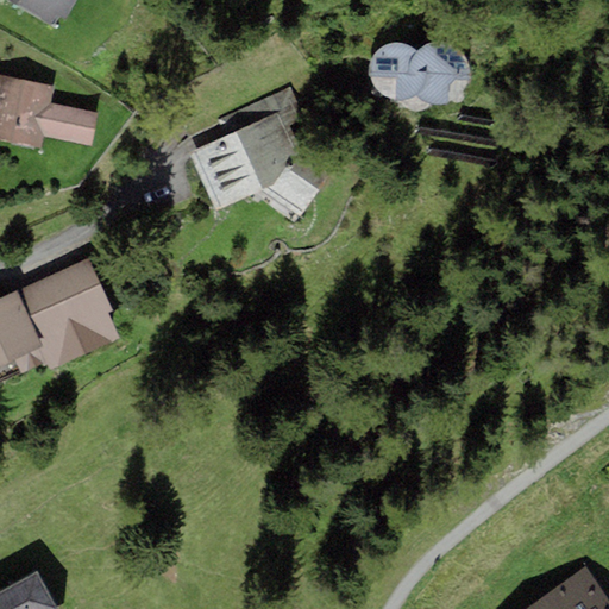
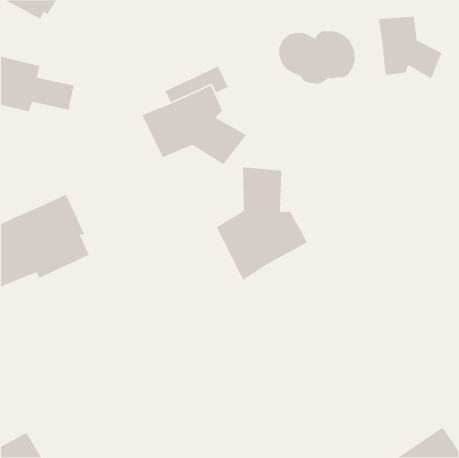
building: none -> [378,16,442,79]
building: none -> [216,167,308,281]

